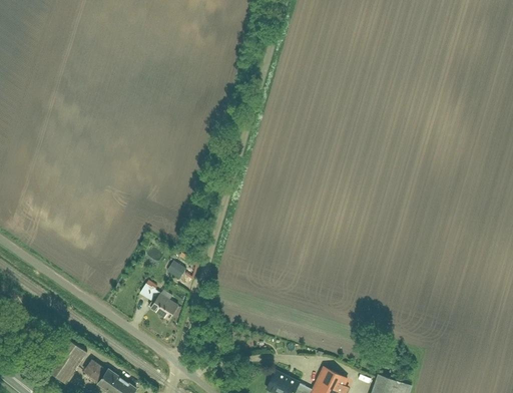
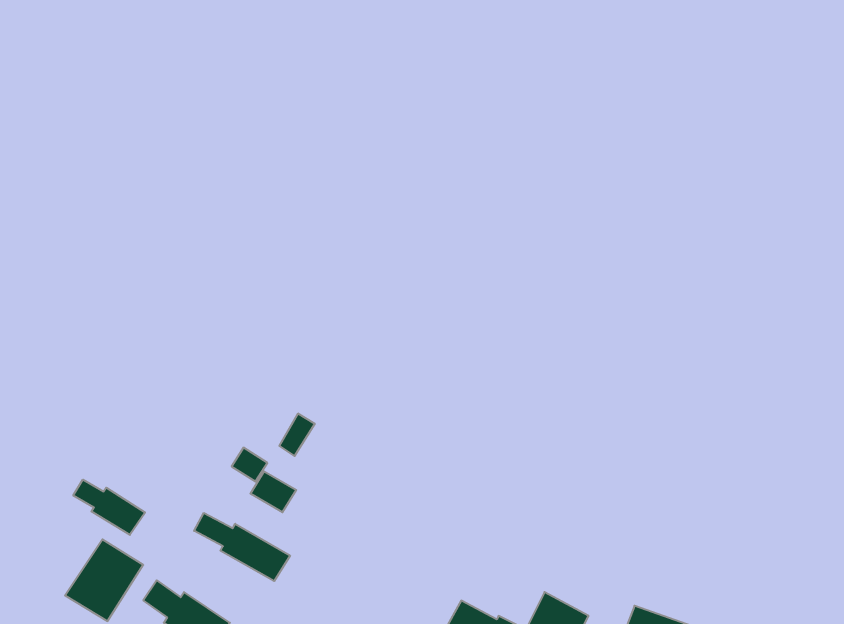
building: none -> [73,480,145,535]
building: none -> [194,513,290,581]

